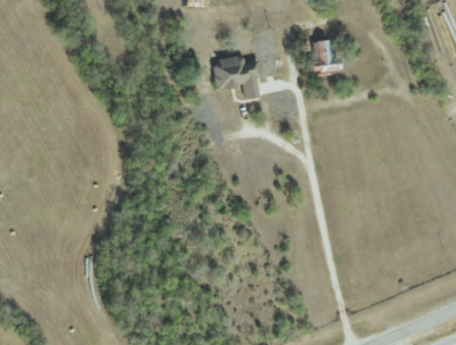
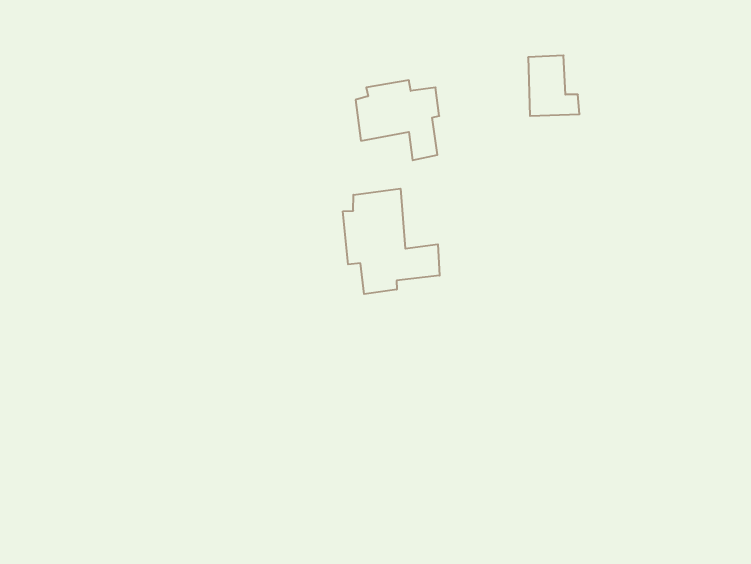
building: none -> [343,189,440,294]

